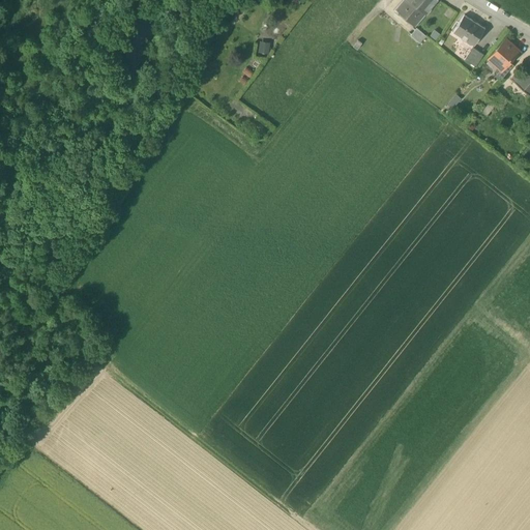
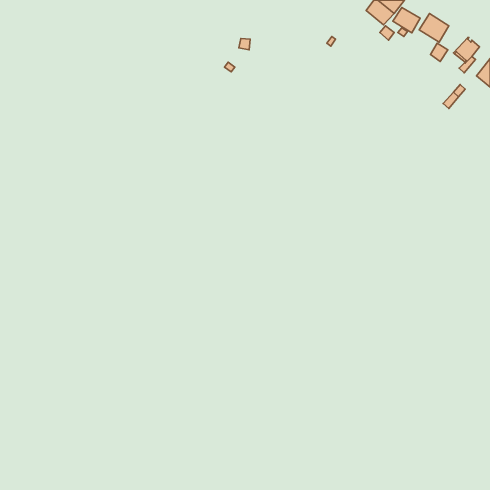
building: none -> [393,7,420,33]

